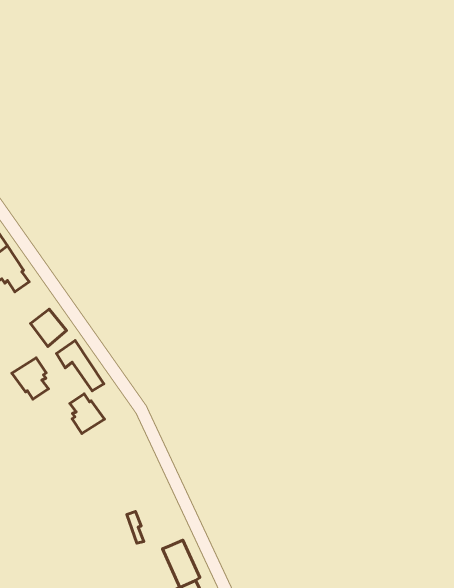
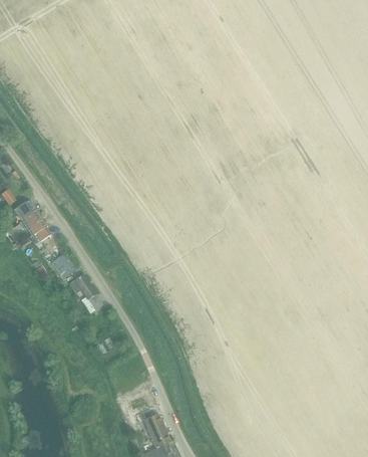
building: [12,358,48,399] -> none
building: [70,394,104,433] -> none

